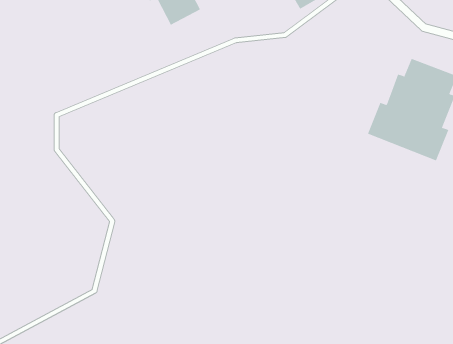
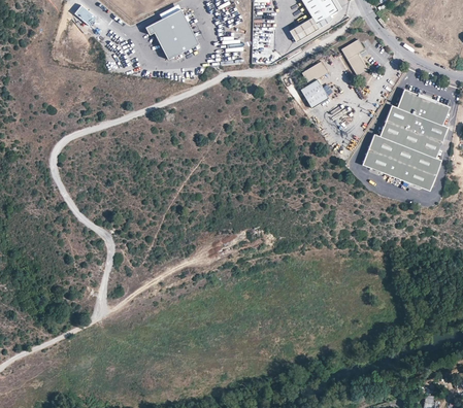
building: none -> [343,39,368,75]
building: none -> [302,61,331,108]

